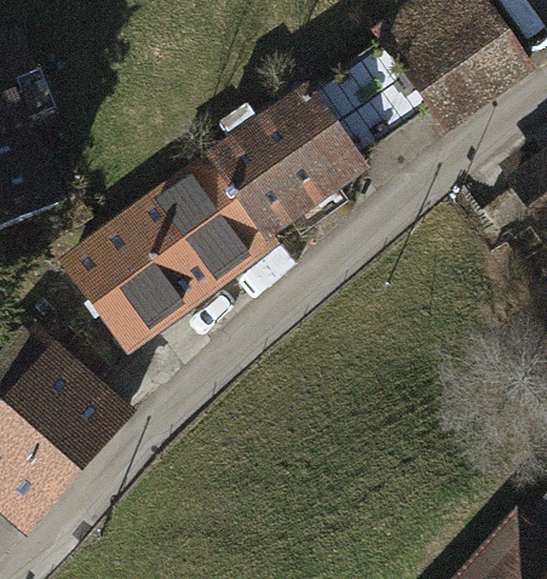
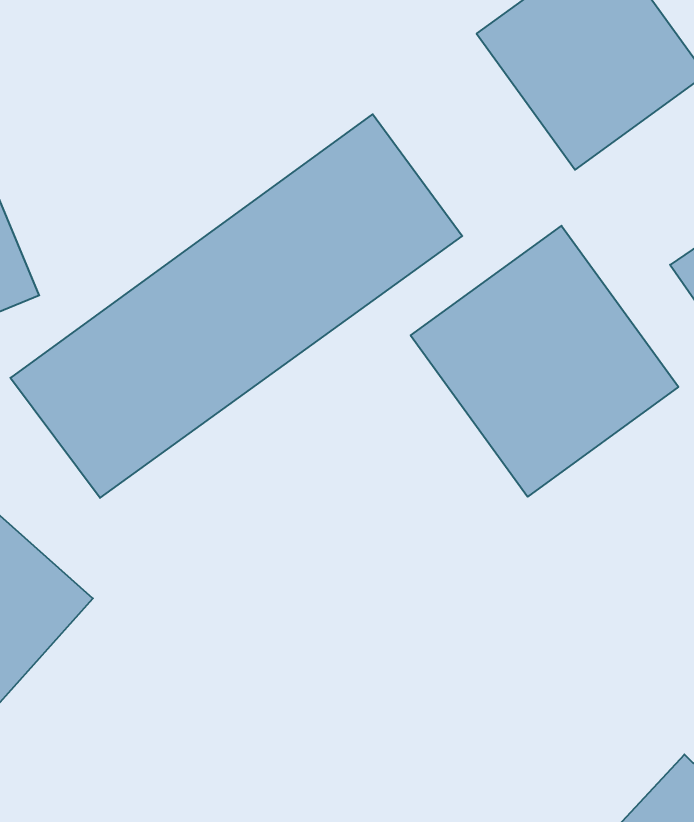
building: none -> [411,226,678,497]

